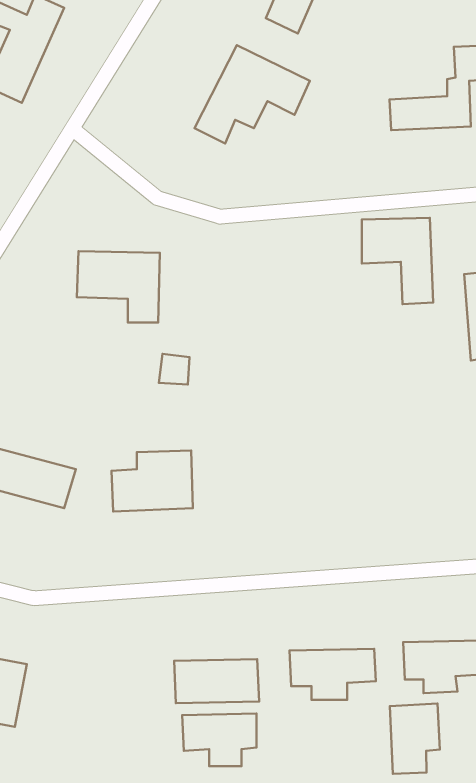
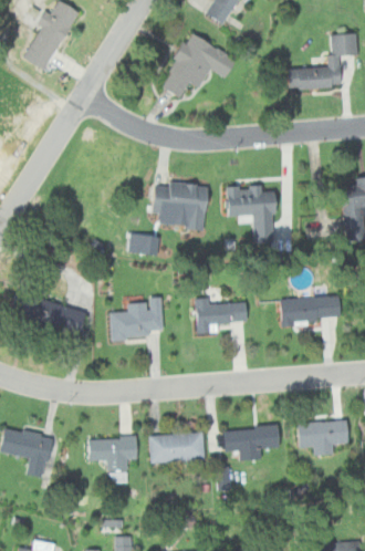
building: [362,218,433,304] -> [225,186,271,242]
building: [77,251,160,322] -> [150,183,205,229]
building: none -> [279,295,338,323]
building: none -> [194,297,246,326]
building: [390,703,440,774] -> none
building: [182,714,257,766] -> [90,437,138,471]

